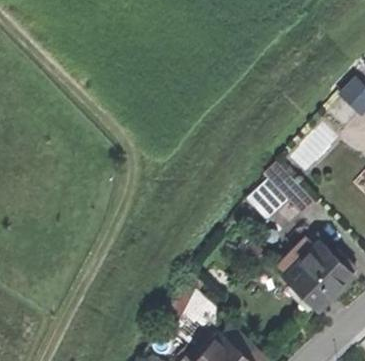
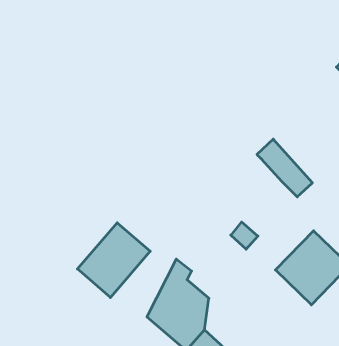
building: [248,177,288,218] -> none
building: none -> [77,223,150,298]

